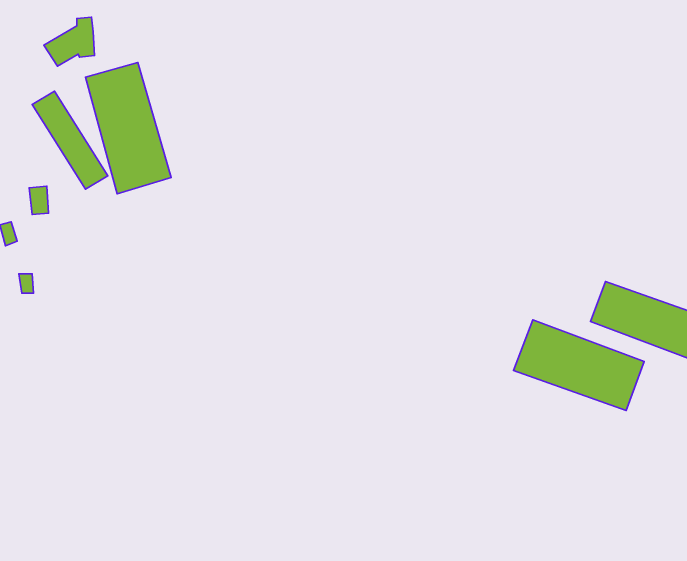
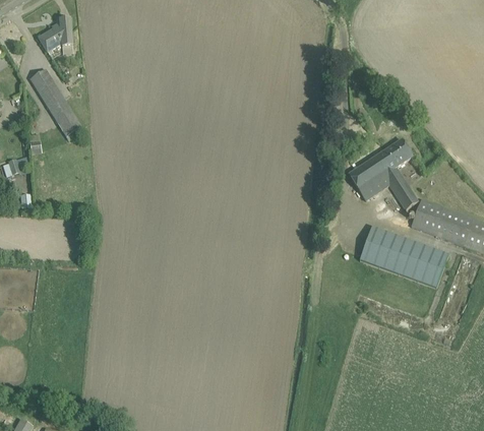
building: [86,62,171,194] -> none
building: none -> [348,138,418,208]

